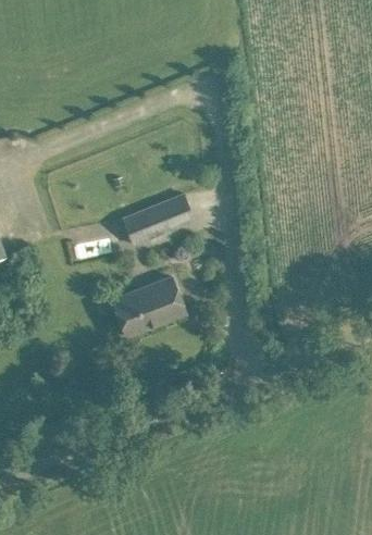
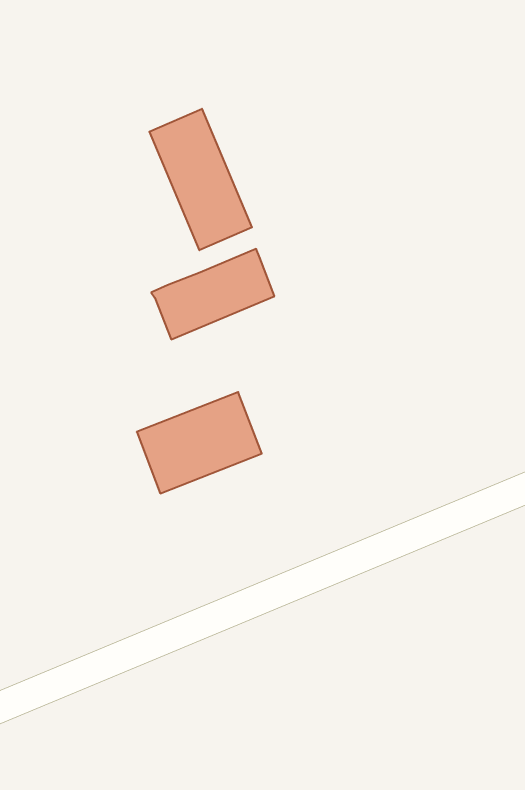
building: none -> [149,109,252,250]

